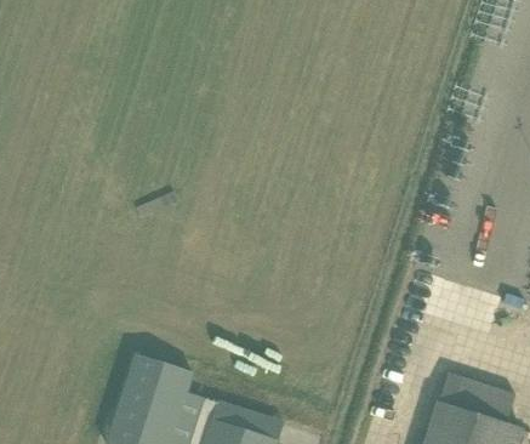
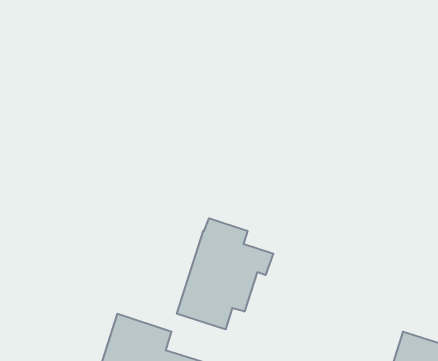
building: none -> [177,218,273,329]

